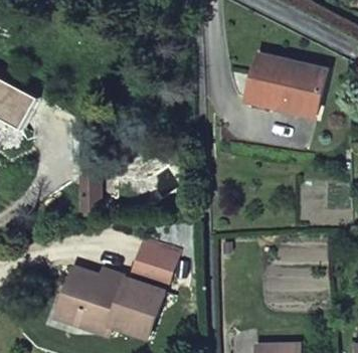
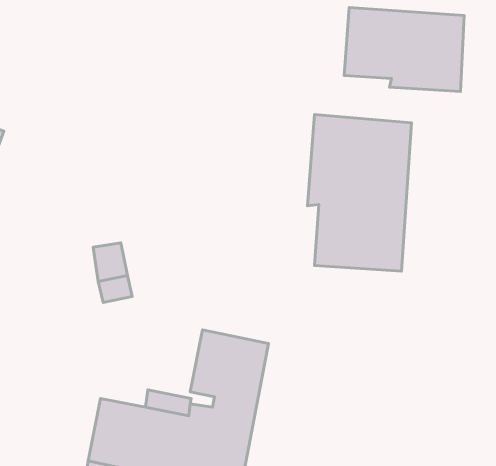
building: none -> [308,114,412,271]

